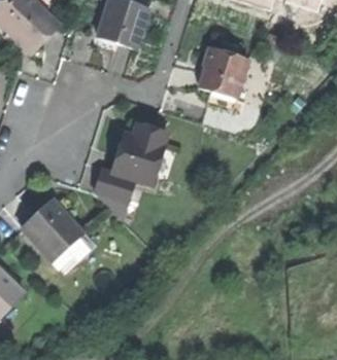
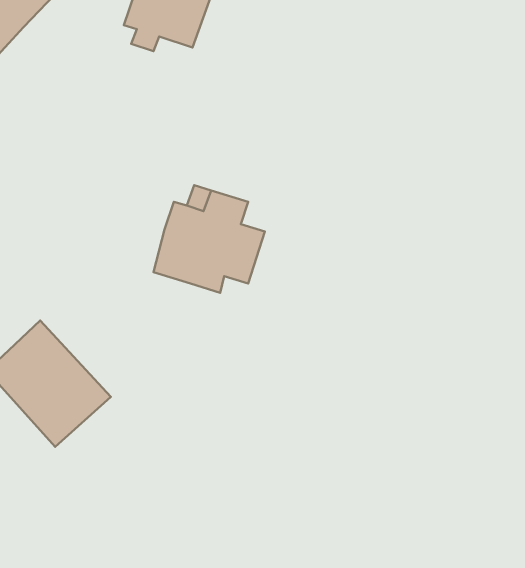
building: [200,46,249,108] -> none
building: [96,168,135,201] -> none

